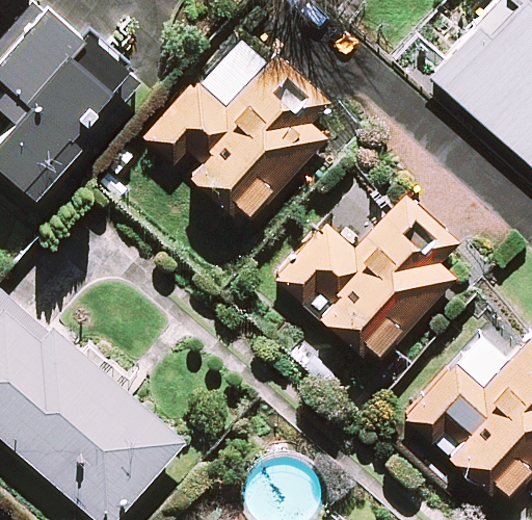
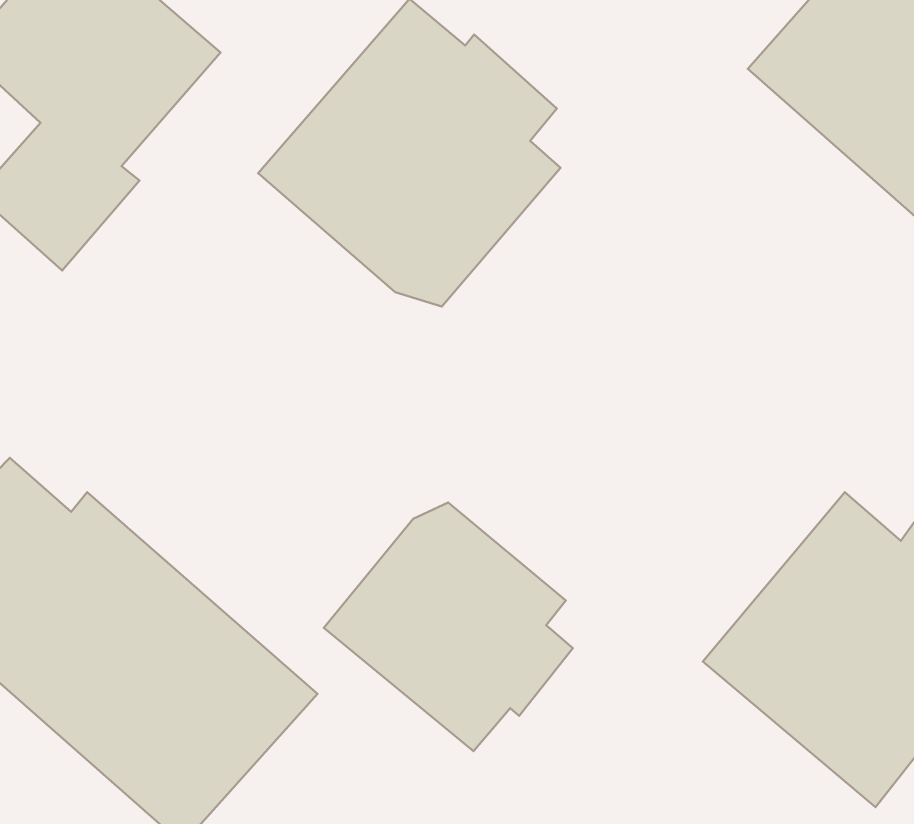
building: [280,199,453,367] -> none
building: none -> [324,502,573,751]

